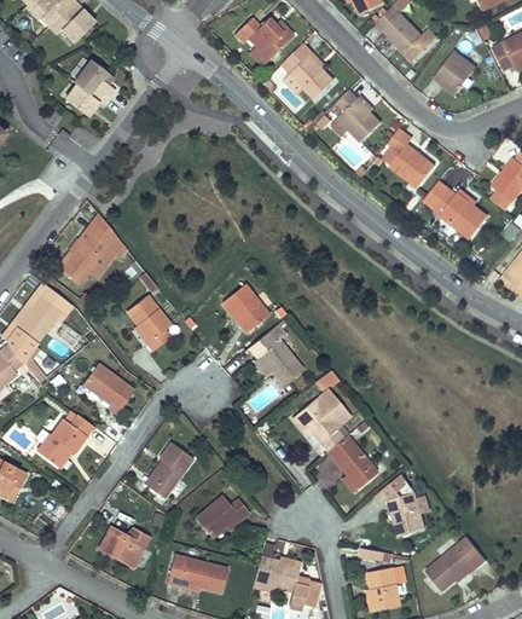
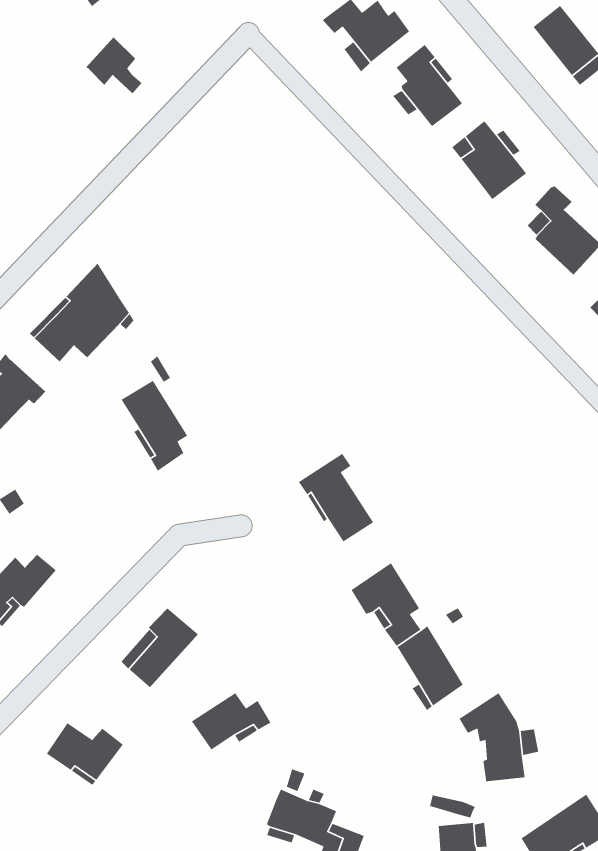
building: [65,85,109,116] -> none
building: [222,284,269,332] -> none
building: [83,363,134,412] -> none
building: [166,553,226,592] -> none

